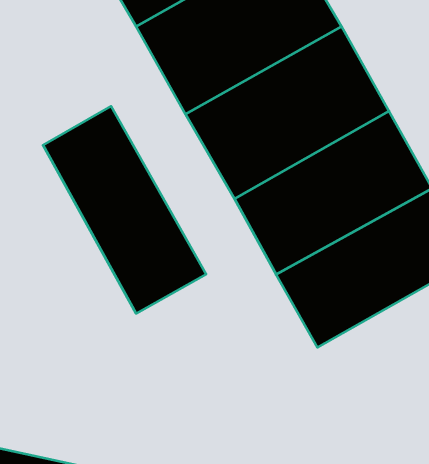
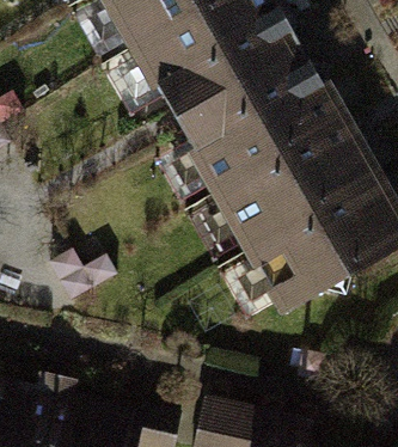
building: [43,106,206,313] -> none

